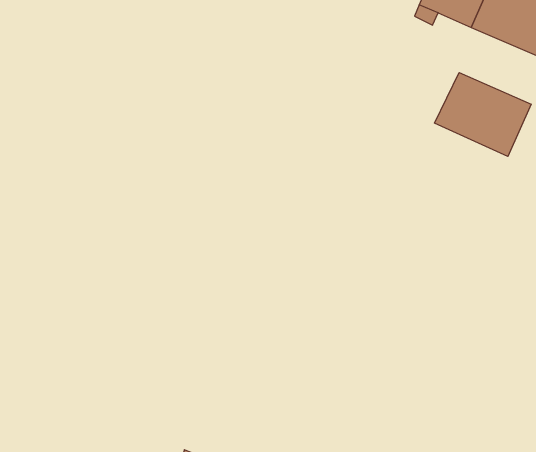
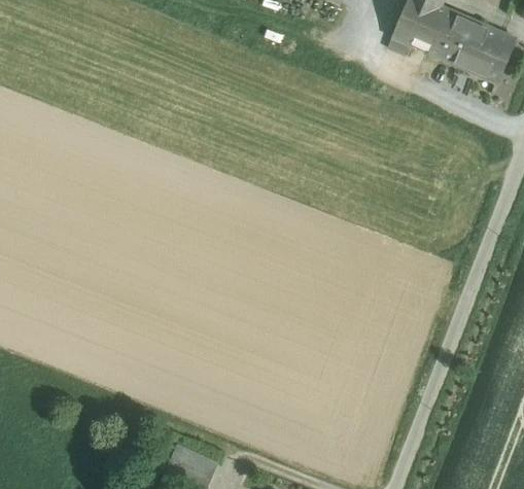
building: [434,73,531,156] -> none

